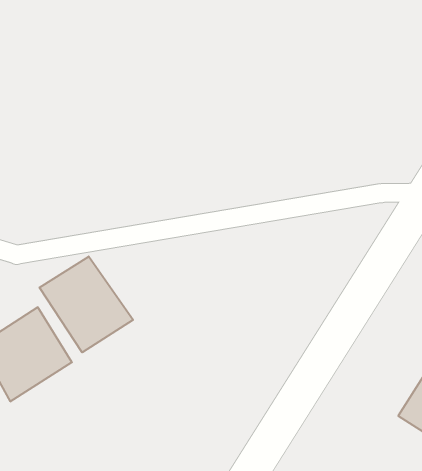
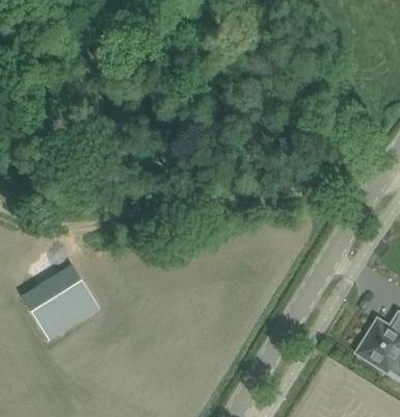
building: [40,256,133,352] -> none

